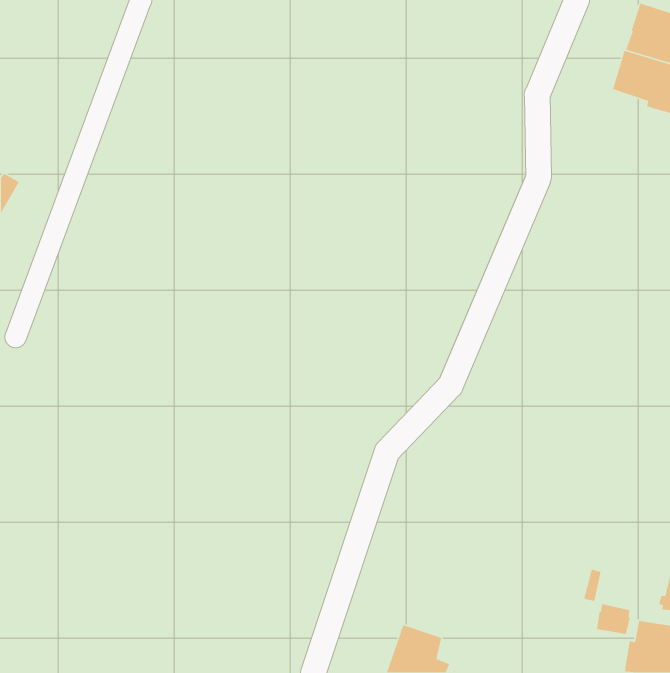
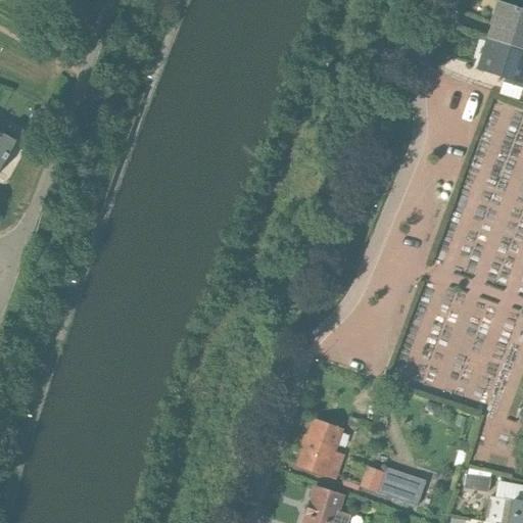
building: none -> [298,420,349,478]
building: none -> [361,467,426,506]

